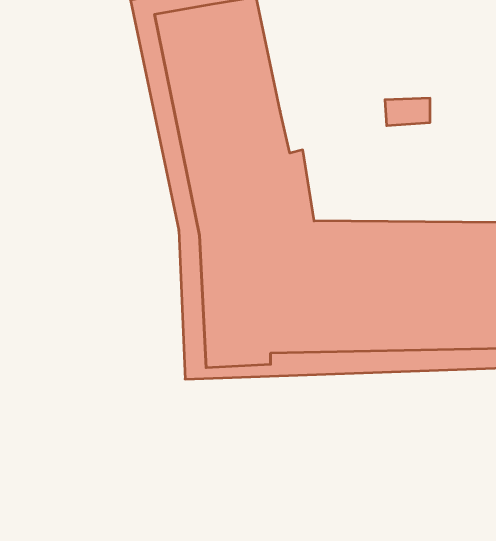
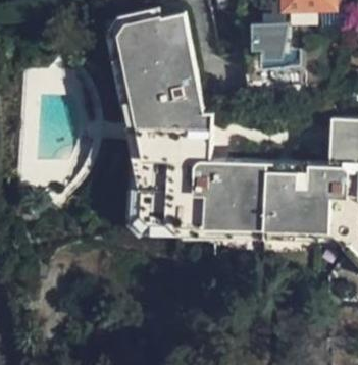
building: none -> [255,15,304,65]

